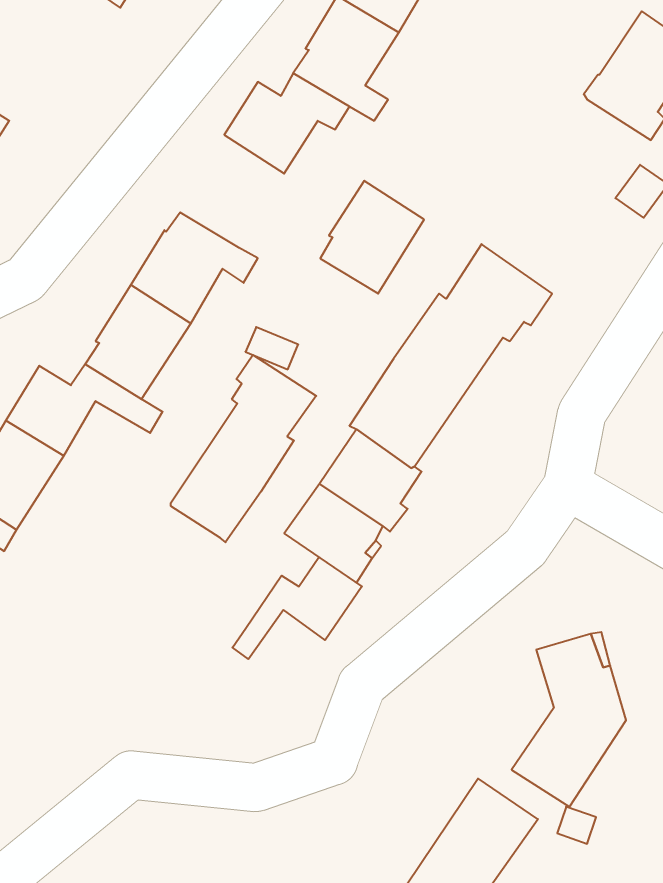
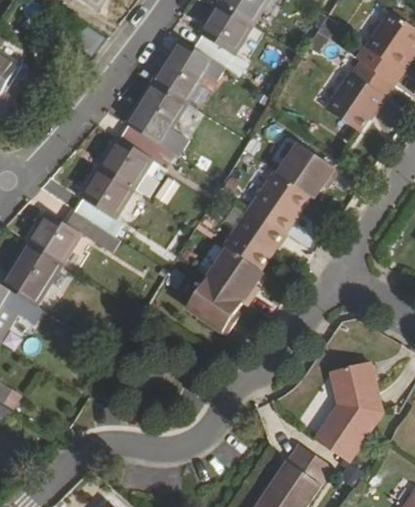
building: none -> [326,61,394,132]
building: [320,181,424,294] -> [127,81,186,145]
building: [171,355,316,542] -> none
building: [232,557,362,659] -> none

